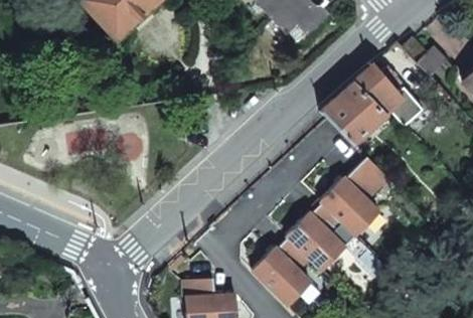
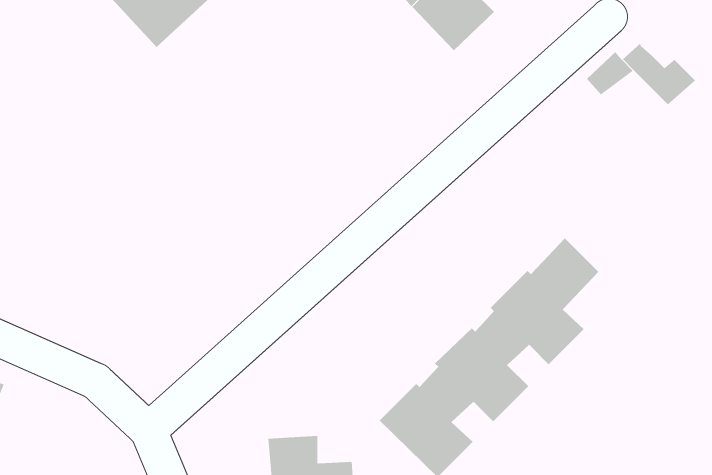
building: [322,64,406,148] -> none

